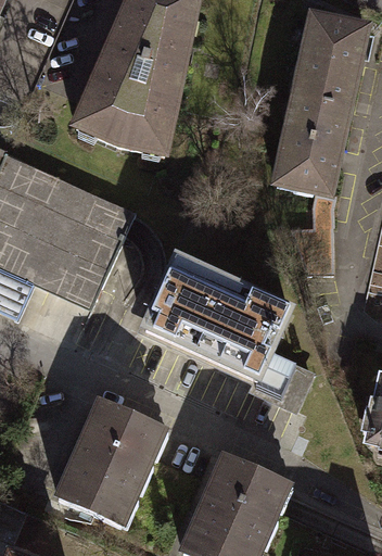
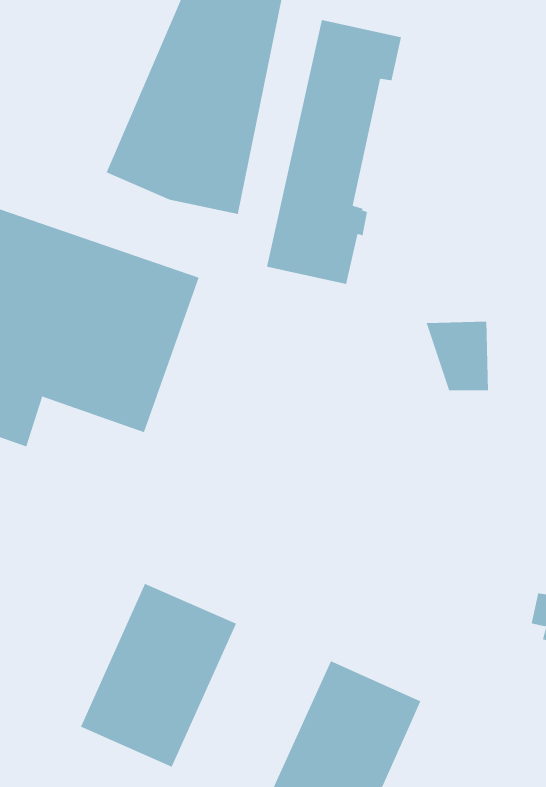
building: [273,17,365,195] -> [266,19,402,285]
building: [145,260,308,405] -> none

